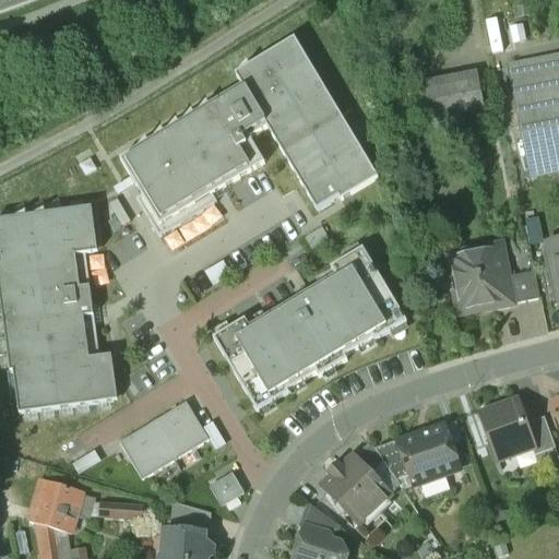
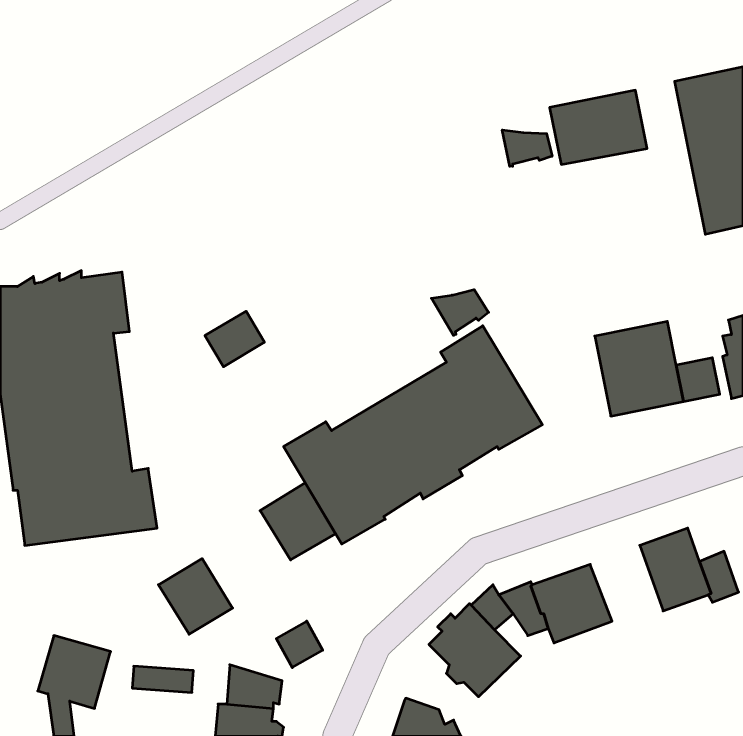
building: [120,35,378,234] -> none
building: none -> [502,130,552,166]
building: none -> [431,290,489,335]
building: none -> [205,311,264,367]
building: [152,399,209,456] -> [260,483,336,560]
building: [298,500,340,533] -> none

